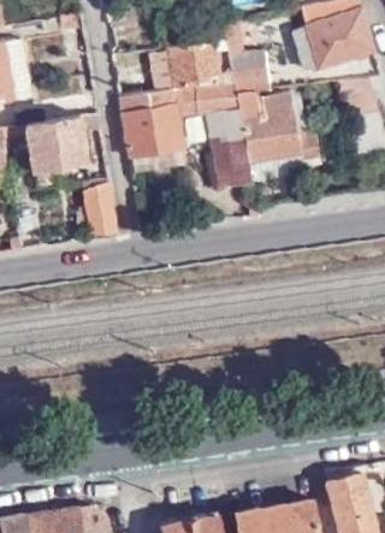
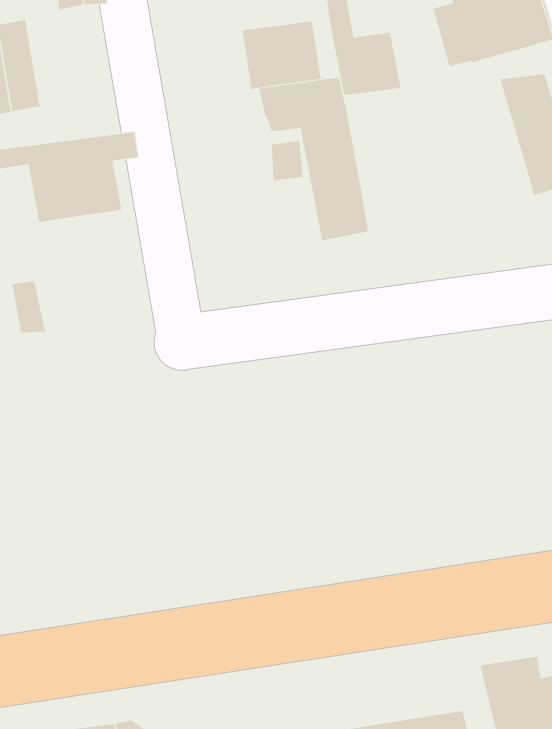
building: [118,88,182,159] -> none
building: [236,93,318,160] -> none
building: [82,184,116,241] -> none

